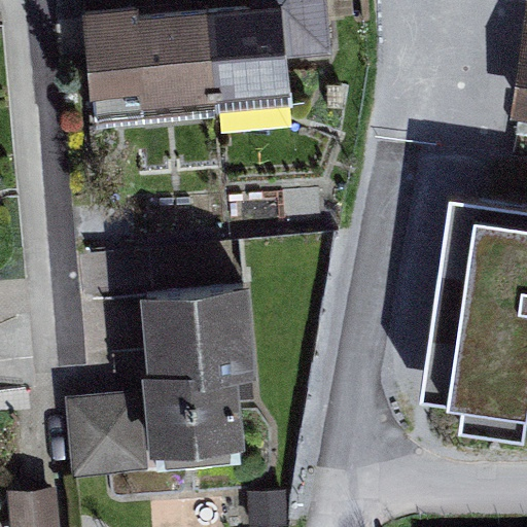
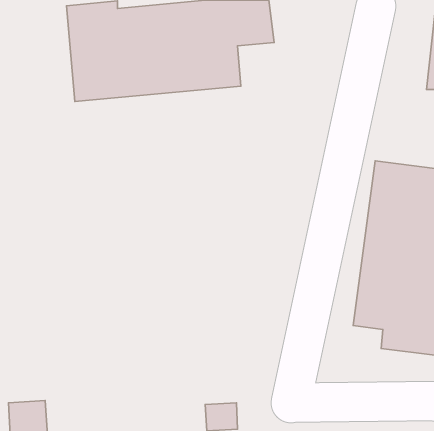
building: [140,281,262,443] -> none
building: [69,392,146,475] -> none

